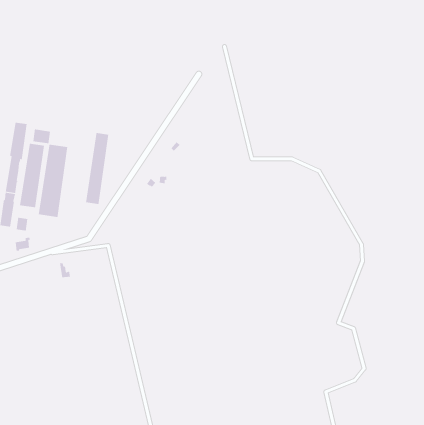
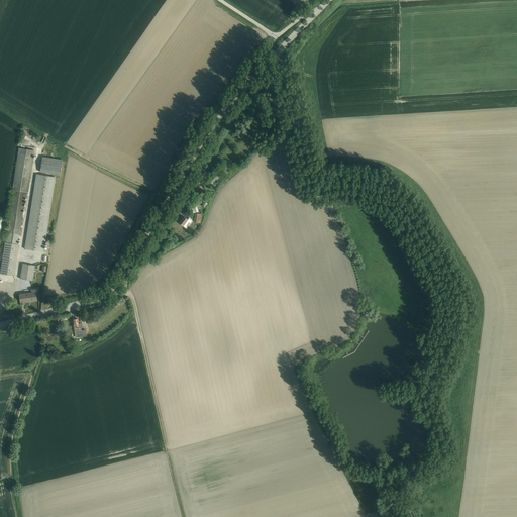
building: [85,132,109,205] -> none
building: [38,144,68,218] -> none

